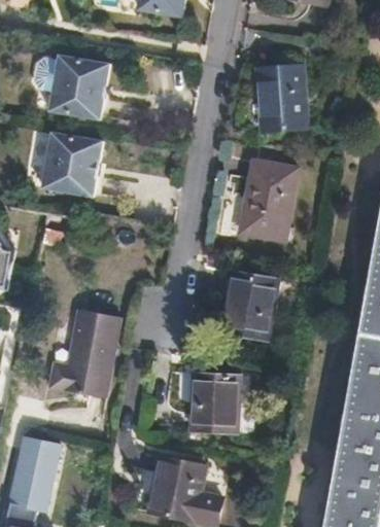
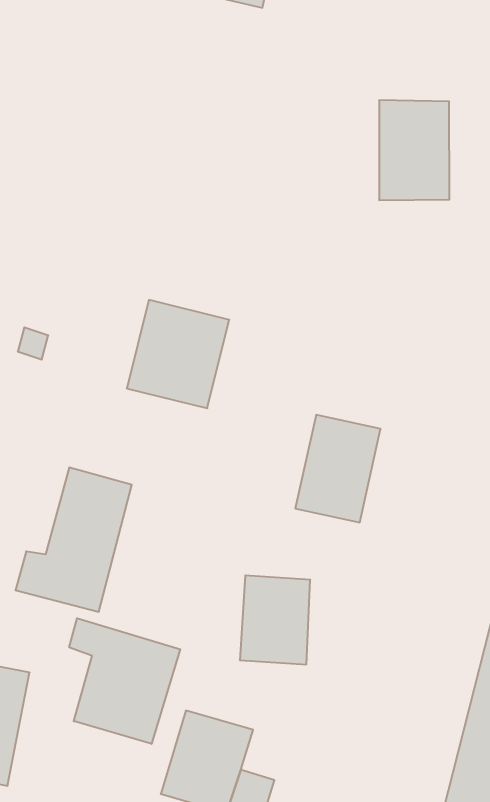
building: [48,56,107,119] -> none
building: [39,131,101,197] -> [127,300,229,408]
building: [237,160,296,239] -> none
building: none -> [69,618,180,744]

